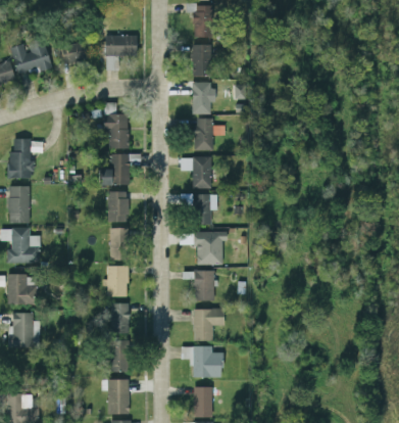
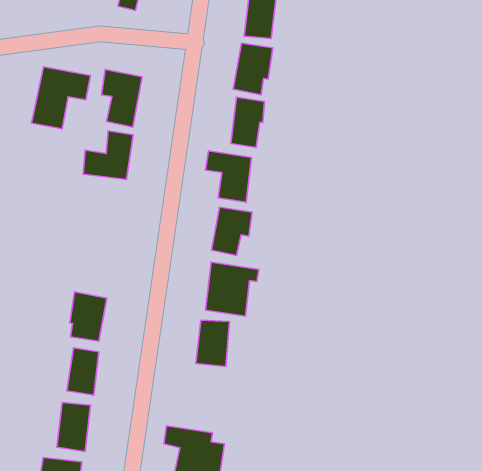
building: none -> [32,67,90,129]
building: [107,192,128,222] -> none
building: [109,228,128,261] -> none
building: [193,309,223,341] -> none

